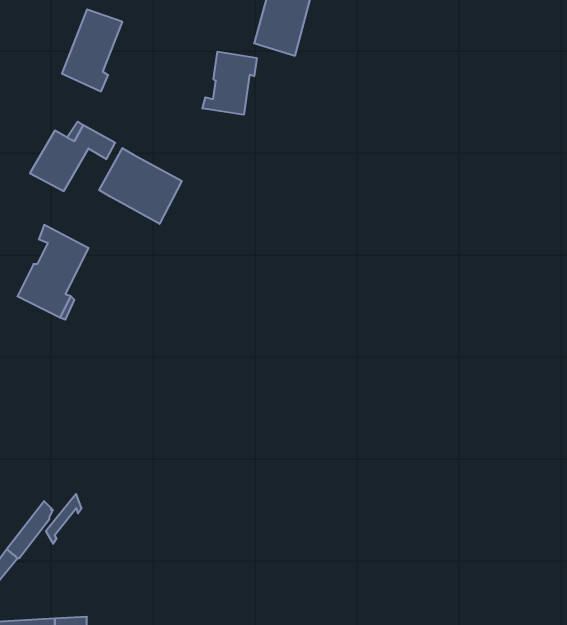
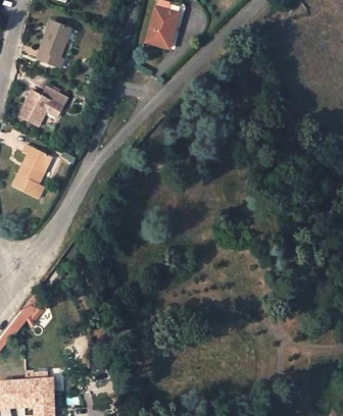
building: [202,52,257,115] -> none
building: [99,148,182,224] -> none

